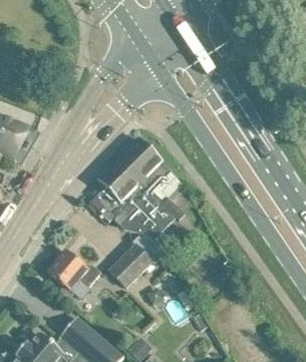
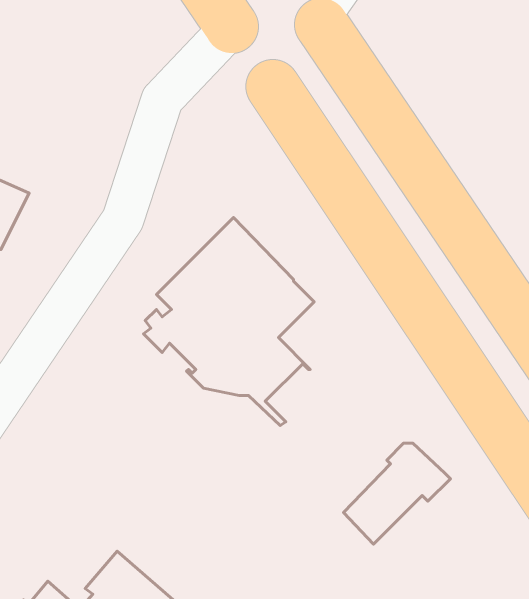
building: [110,233,168,287] -> [344,443,450,544]
building: [47,249,101,301] -> none

